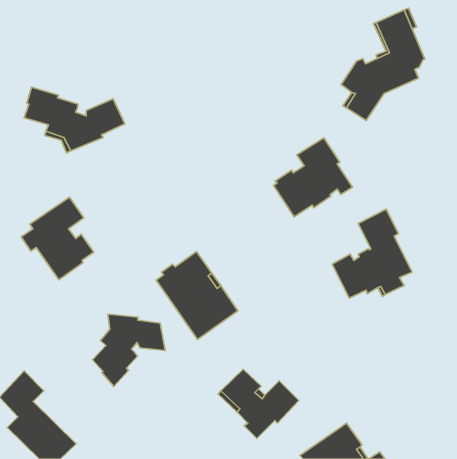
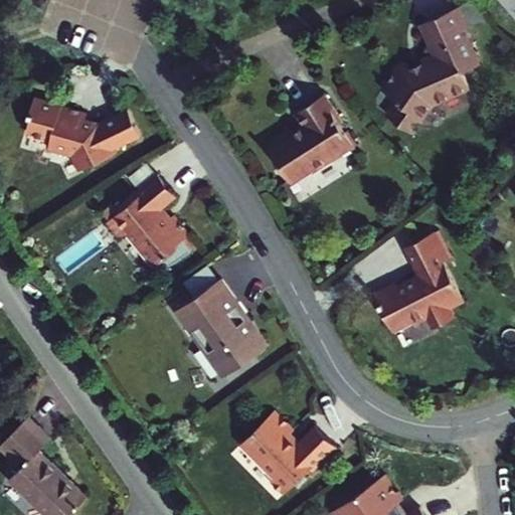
building: [273,138,353,217] -> [265,98,353,186]
building: [21,197,94,280] -> [104,180,185,273]
building: [93,314,165,386] -> none

